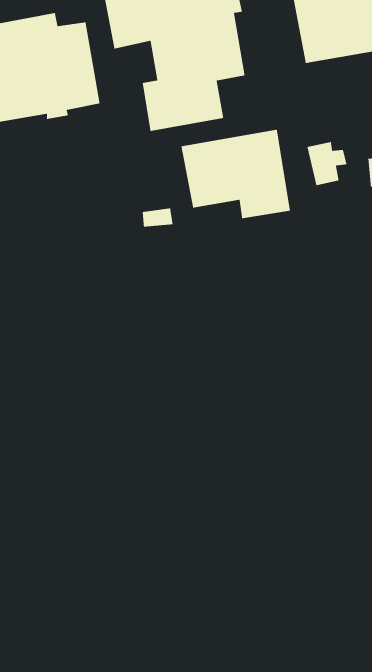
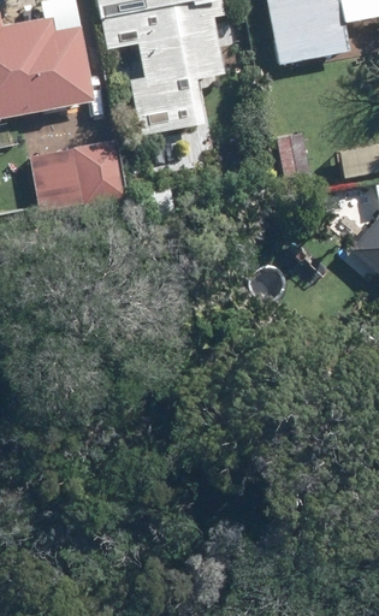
building: [181,129,291,219] -> [31,138,131,220]

